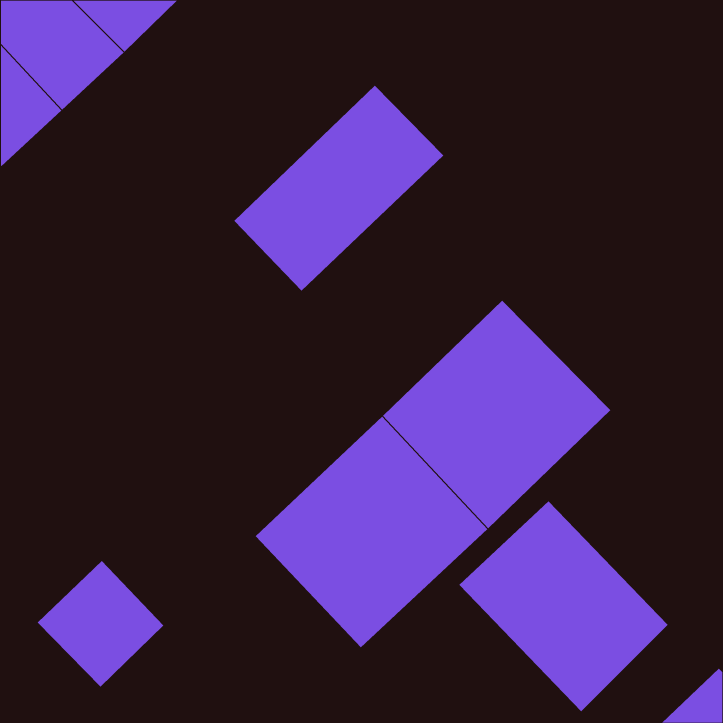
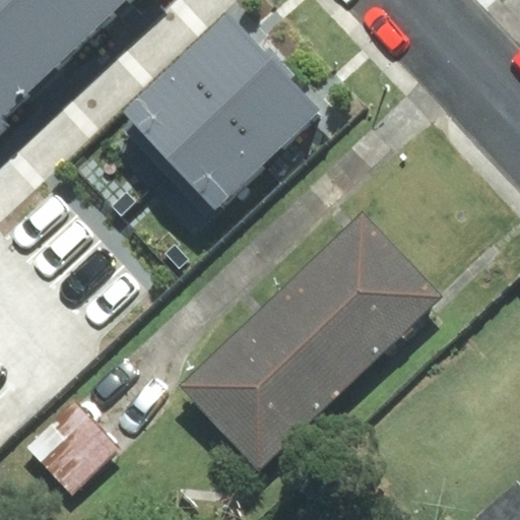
building: none -> [122,13,269,158]
building: [458,501,668,712] -> none

